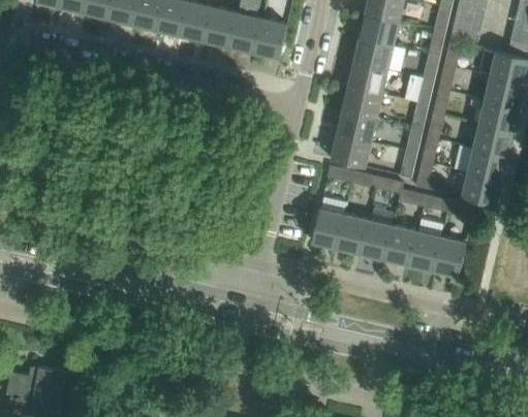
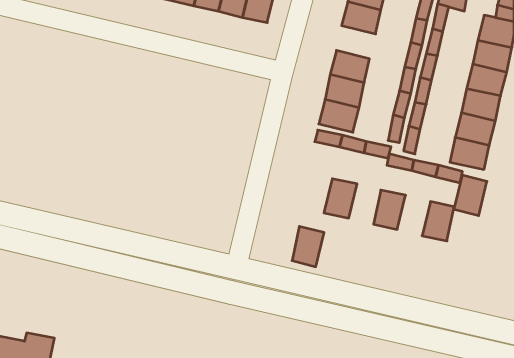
building: [348,63,387,96] -> none
building: [312,210,344,250] -> [292,226,324,267]
building: [361,221,393,261] -> none
building: [409,232,442,272] -> [454,175,487,216]

